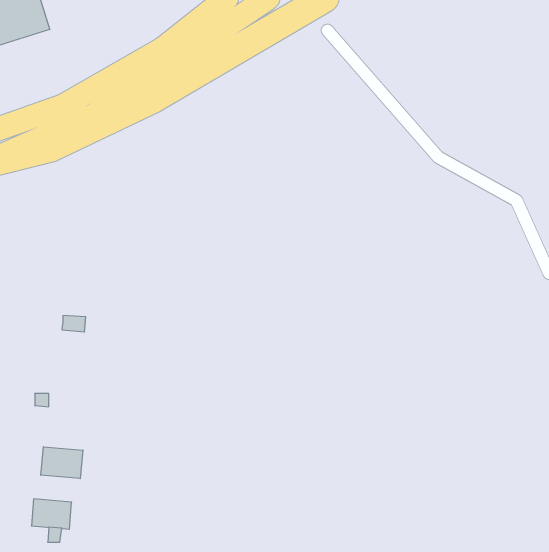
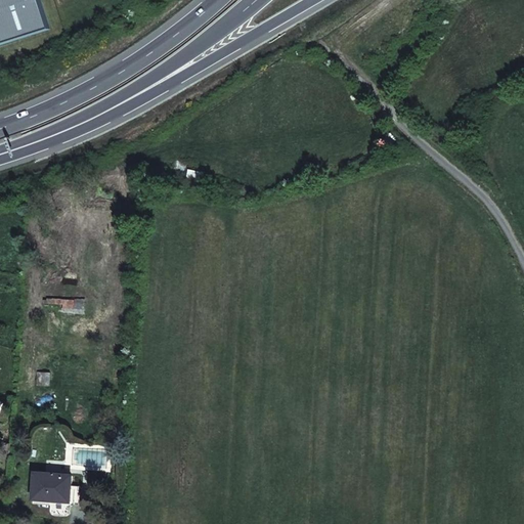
building: [41,447,83,479] -> none

